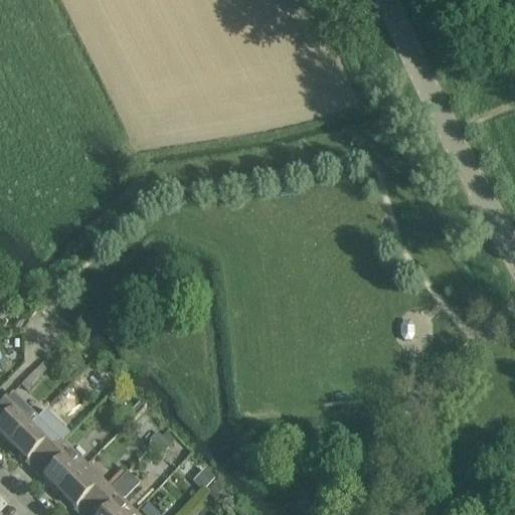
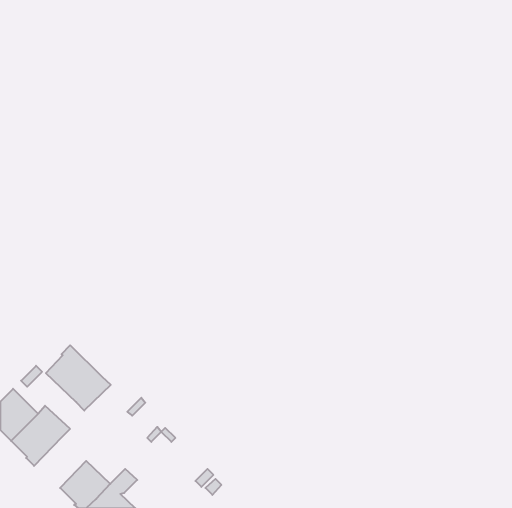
building: none -> [46,345,111,411]
building: [34,439,87,490] -> none

